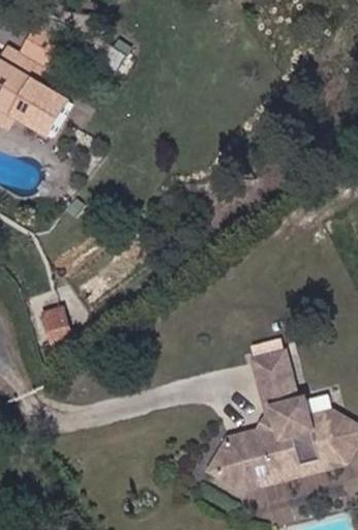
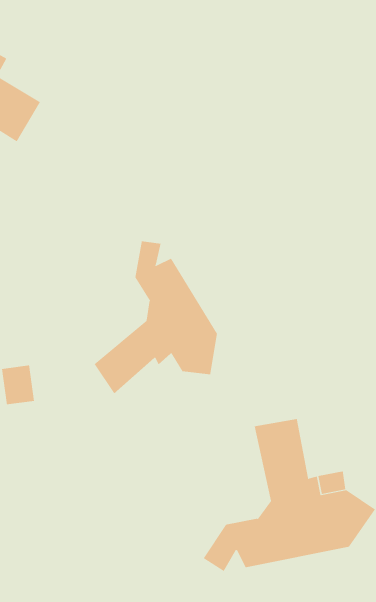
building: none -> [94,241,218,394]

